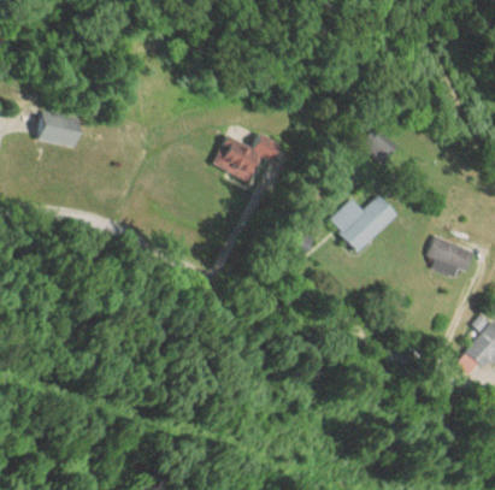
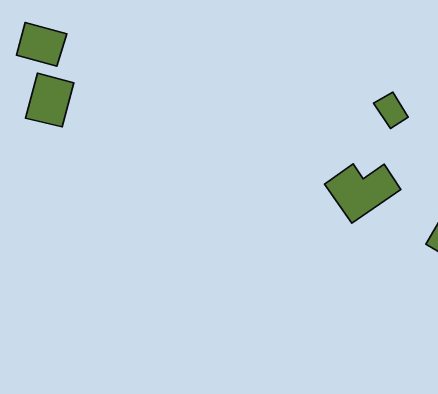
building: [211,134,276,187] -> none
building: none -> [25,73,74,127]

